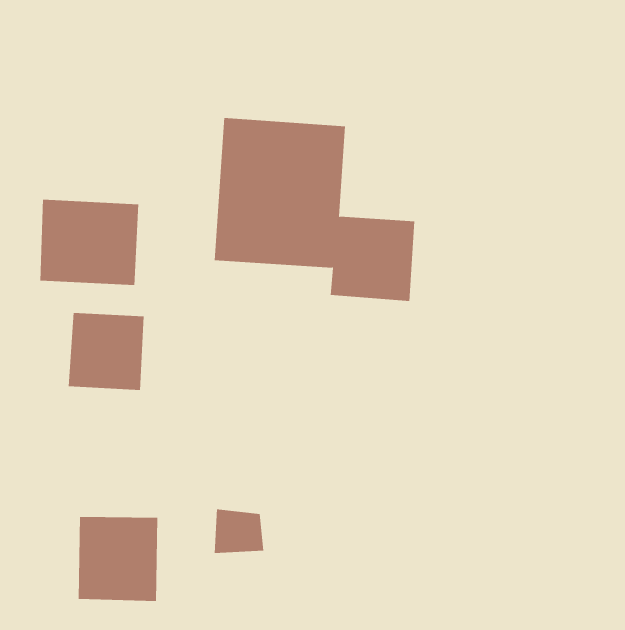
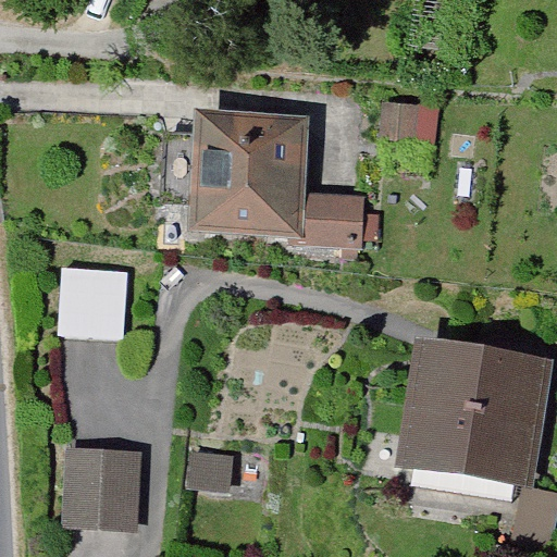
building: [40,199,139,286] -> none
building: none -> [394,336,546,484]

